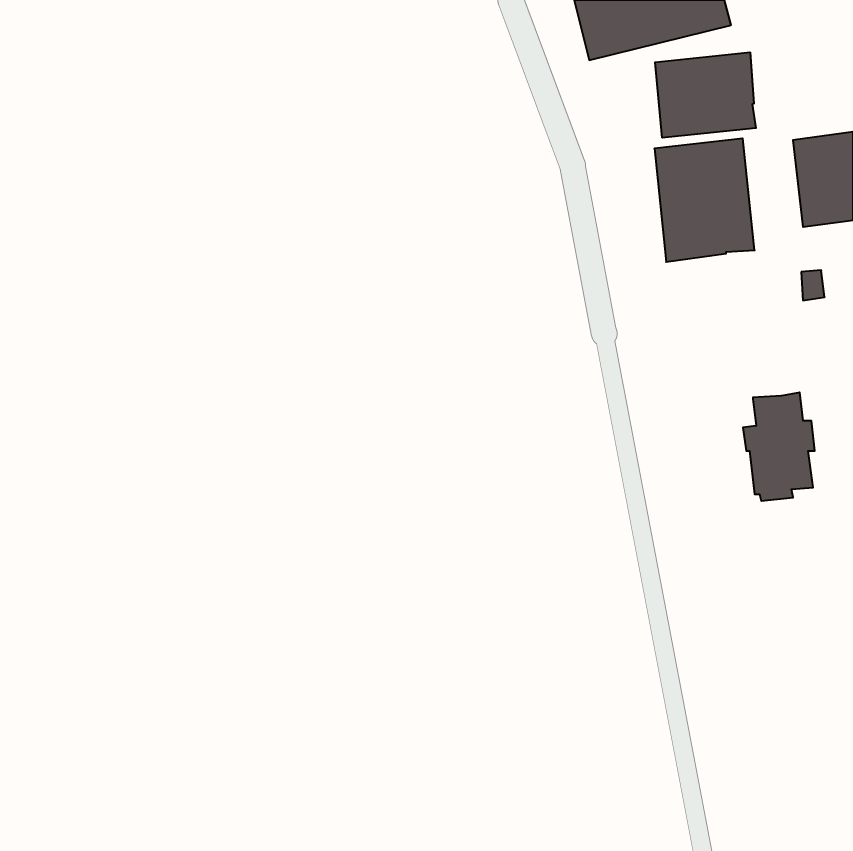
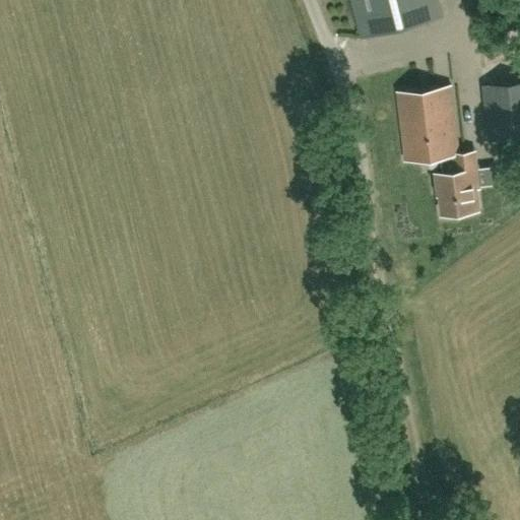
building: [655,52,756,138] -> none
building: [743,392,815,501] -> [436,151,479,217]

